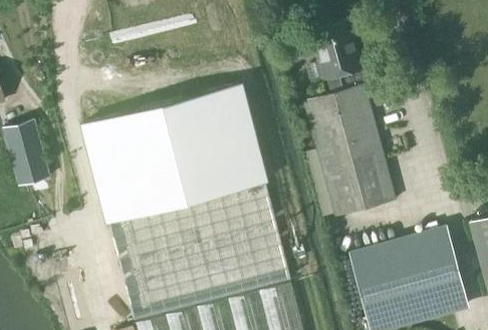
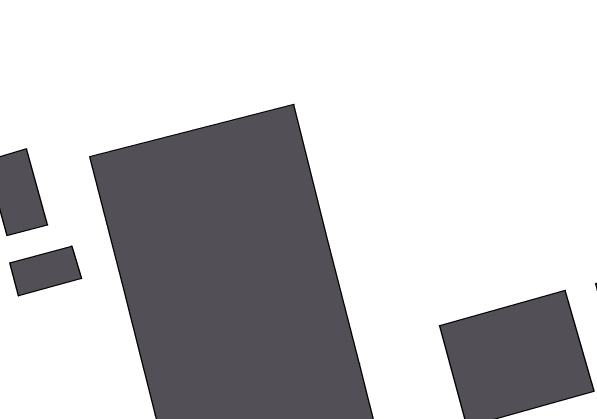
building: [305,21,397,216] -> none
building: none -> [10,246,81,296]

